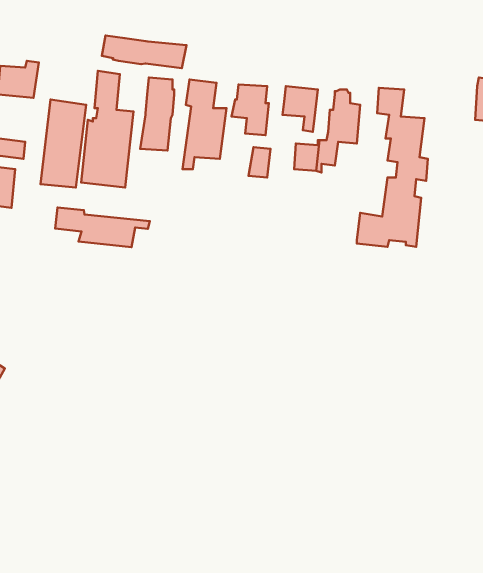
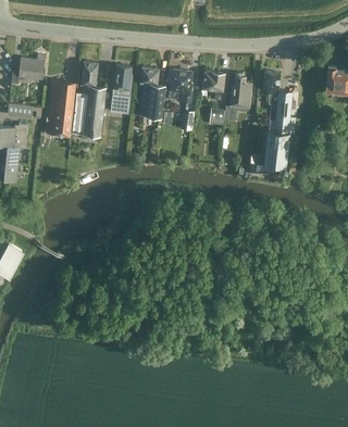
building: [102,36,186,68] -> none
building: [55,207,150,247] -> none

